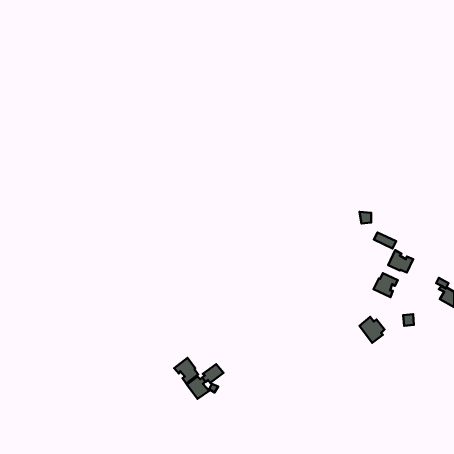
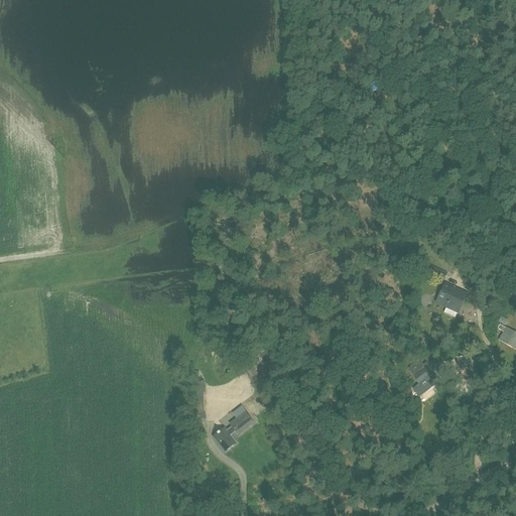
building: [374,273,398,297] -> none
building: [174,358,198,384] -> none

